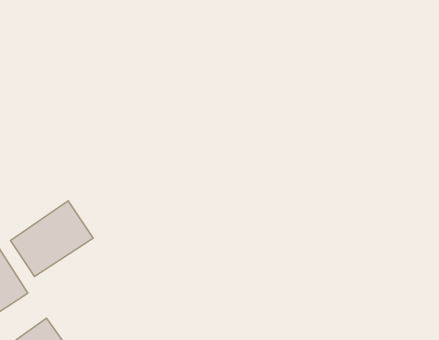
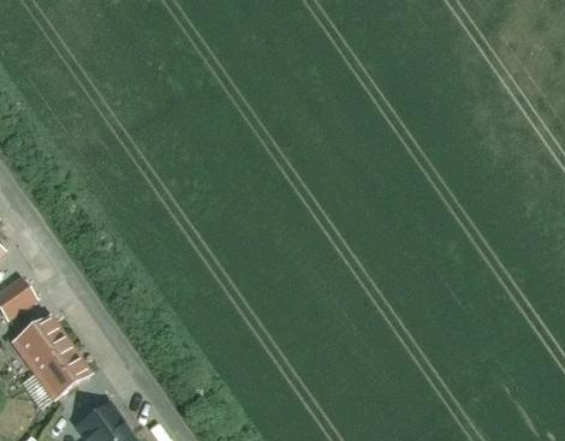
building: [10,201,93,276] -> none

